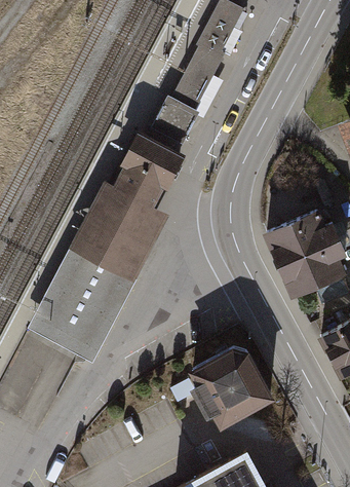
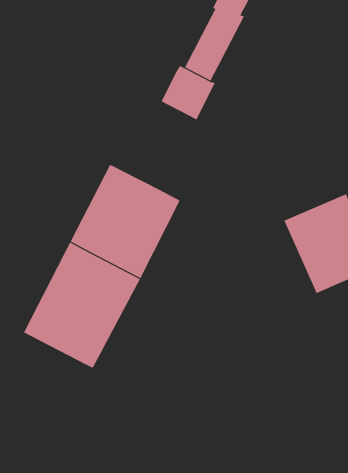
building: [109,130,184,205] -> none
building: [189,344,275,426] -> none

